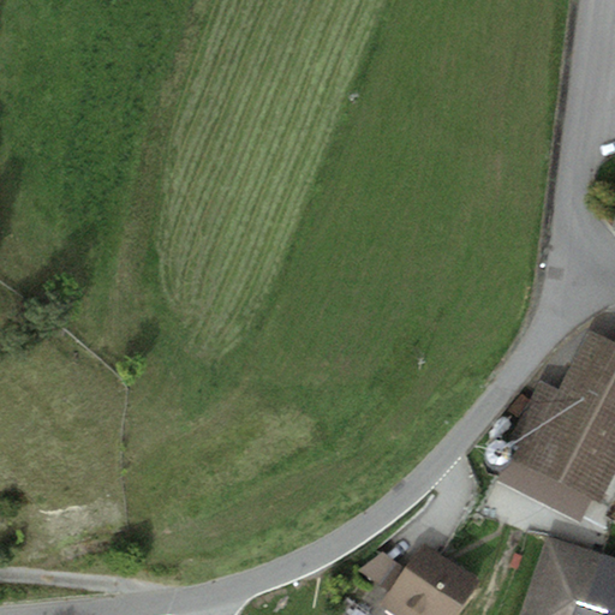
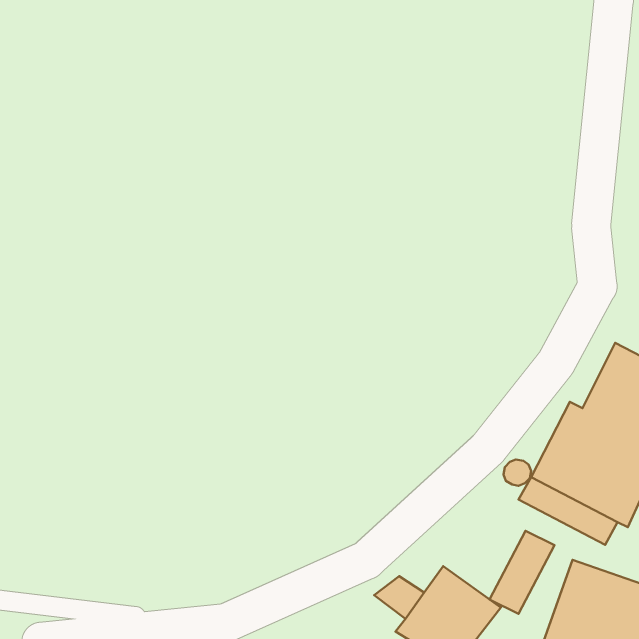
building: none -> [490,531,554,614]

